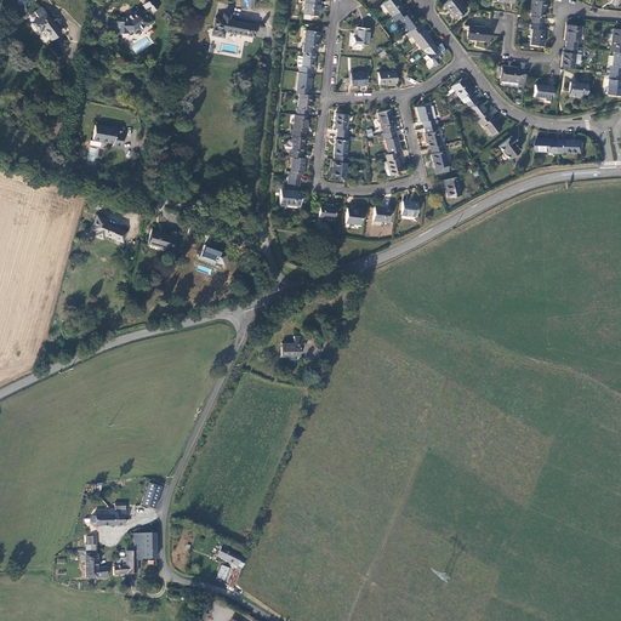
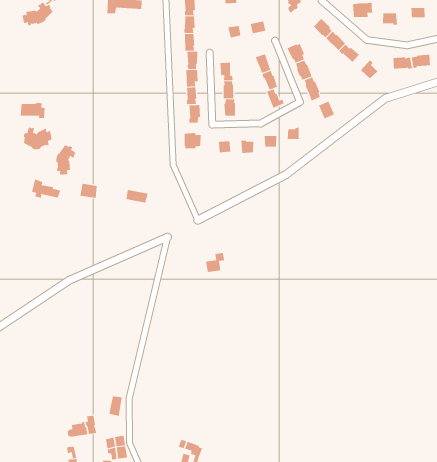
building: none -> [23,127,52,150]
building: none -> [56,144,76,175]

